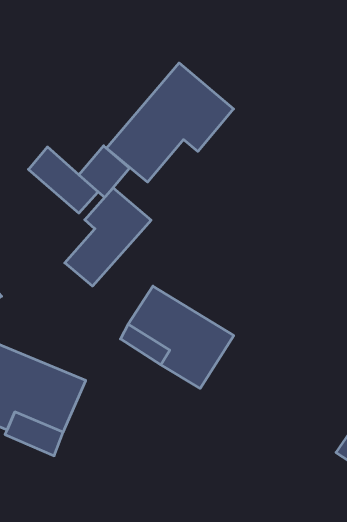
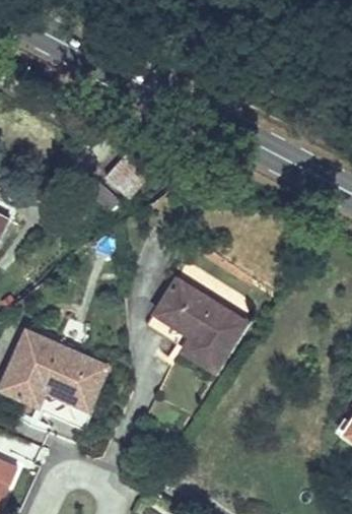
building: [106,63,234,182] -> none
building: [65,188,151,286] -> none

